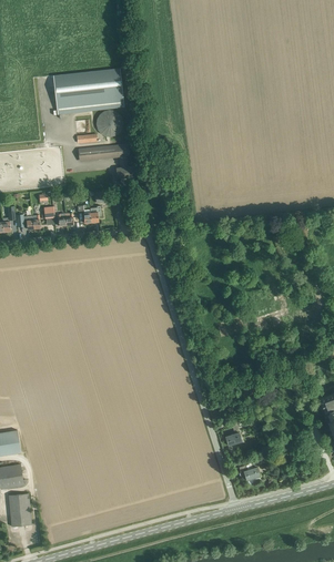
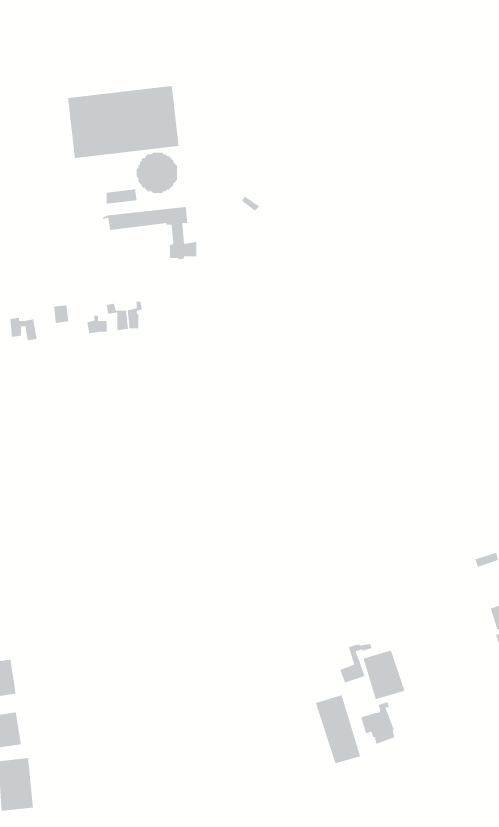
building: none -> [363,650,406,700]
building: none -> [315,694,361,764]

